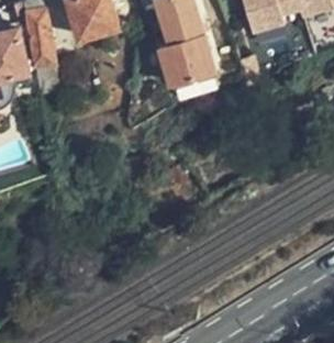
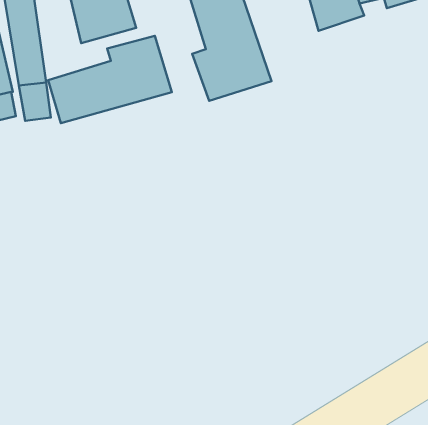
building: none -> [48,36,172,123]

